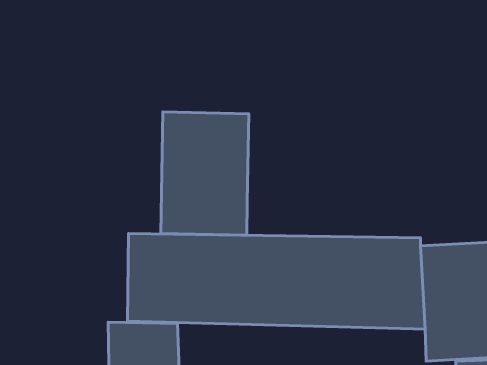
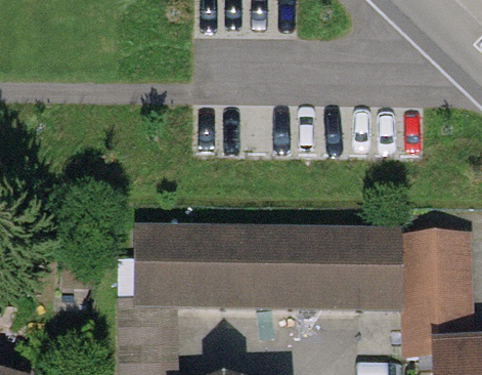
building: [161,112,249,235] -> none

